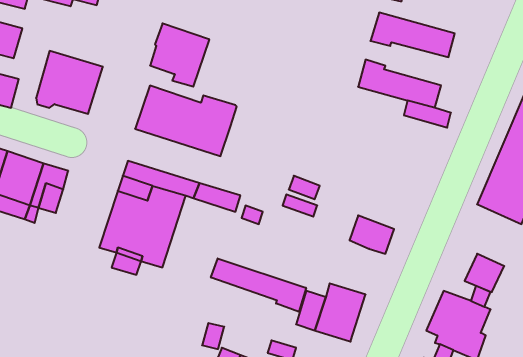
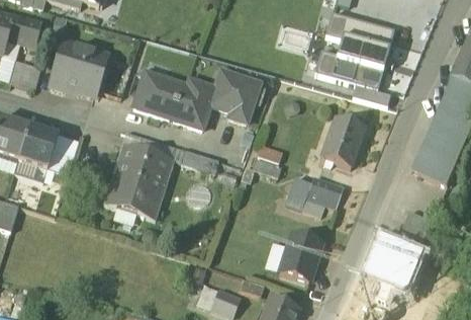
building: [150,23,209,87] -> [211,70,260,122]
building: none -> [337,35,389,71]
building: none -> [321,117,366,168]
building: none -> [288,177,324,215]
building: [211,258,306,312] -> none

